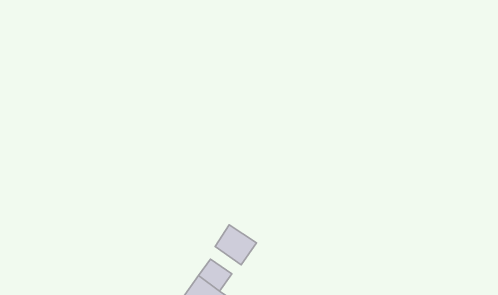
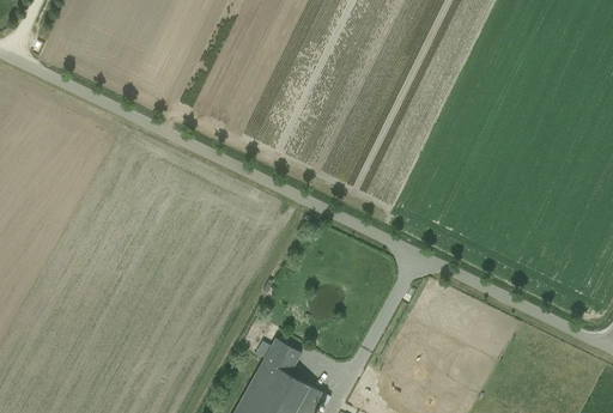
building: [215,225,257,265] -> none

